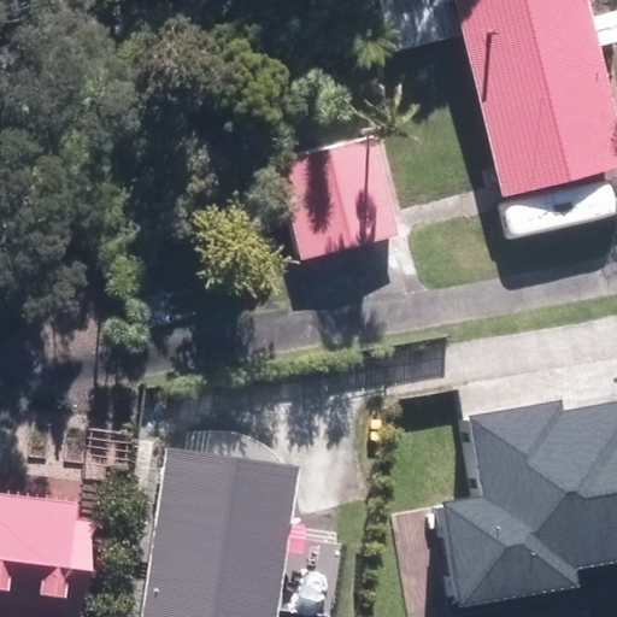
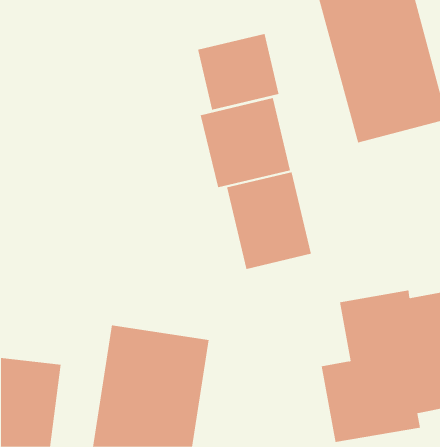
building: none -> [198,33,279,110]
building: none -> [227,171,311,270]

